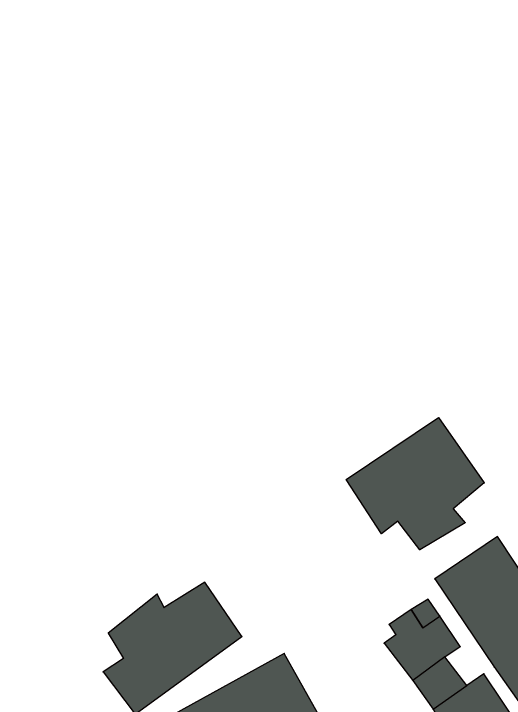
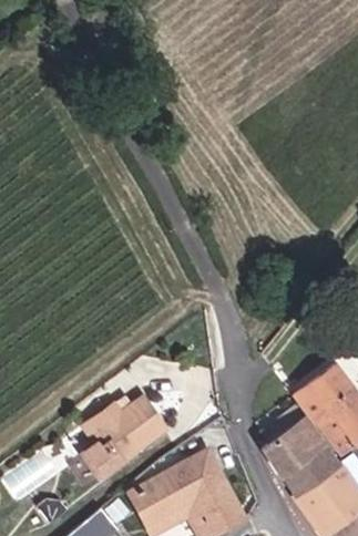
building: [346,418,484,550] -> none

